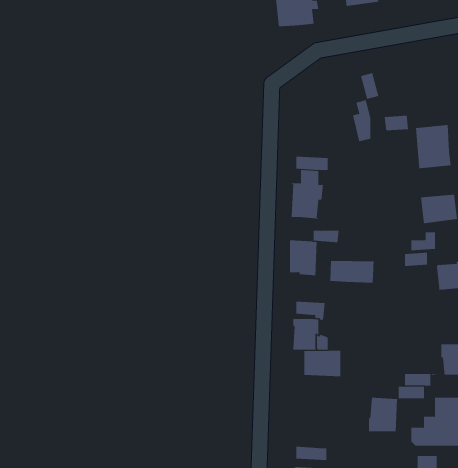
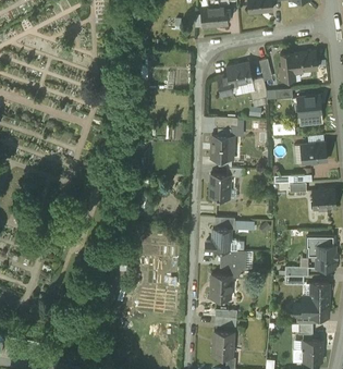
building: none -> [278,51,316,79]
building: none -> [216,64,250,97]
building: [330,260,374,284] -> none
building: [368,397,398,432] -> [209,275,230,299]

